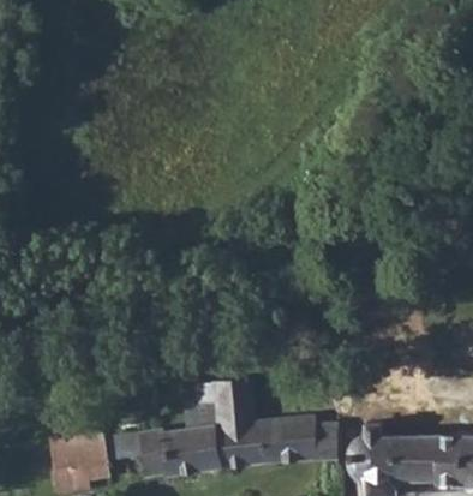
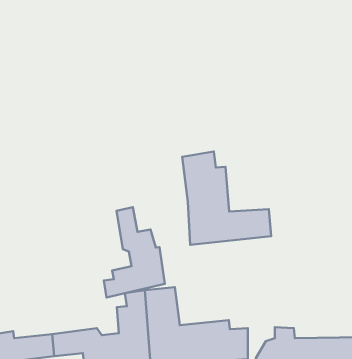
building: none -> [182,151,271,245]
building: none -> [104,207,165,298]

